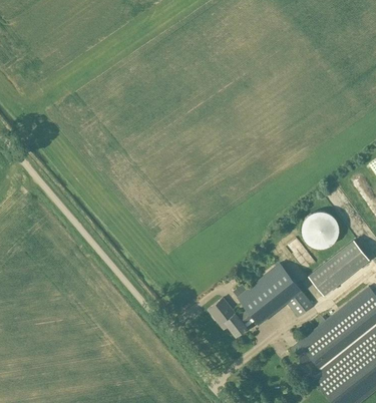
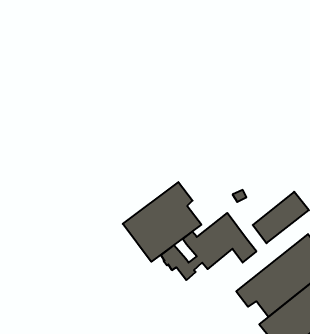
building: [301,211,338,249] -> none
building: none -> [123,182,201,262]

